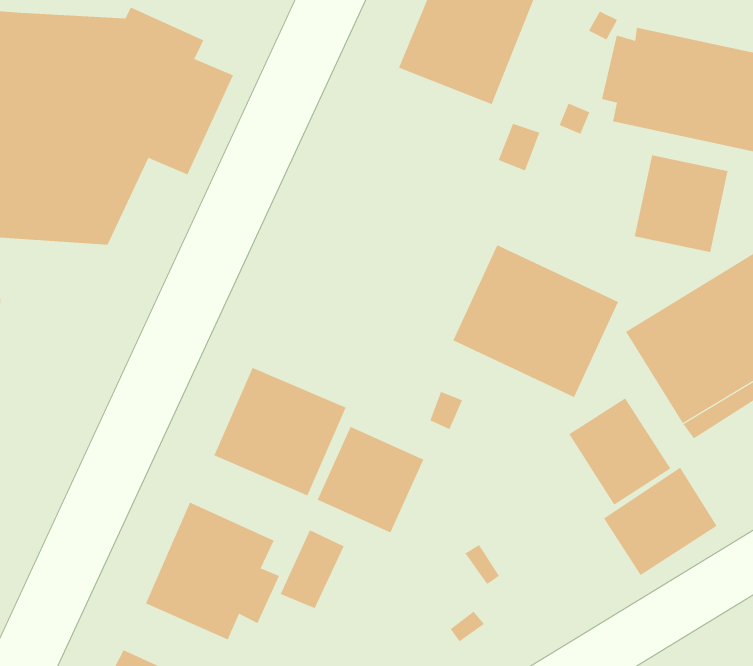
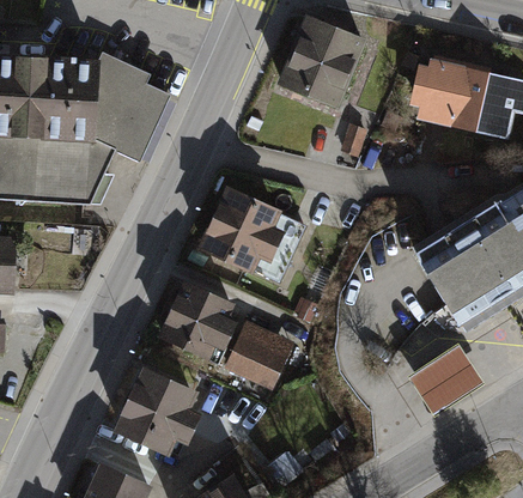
building: [634,154,728,253] -> none
building: [453,245,619,398] -> [196,186,304,285]
building: [568,397,671,505] -> none

